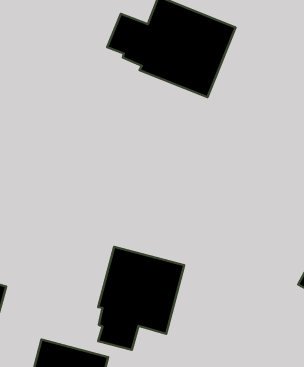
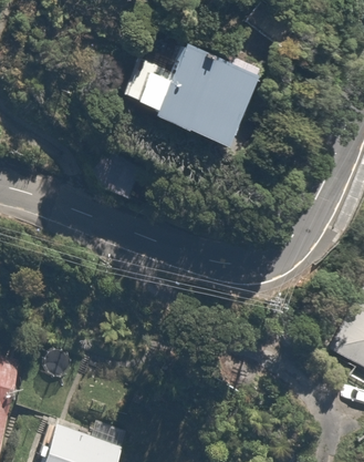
building: [98,247,184,350] -> none

